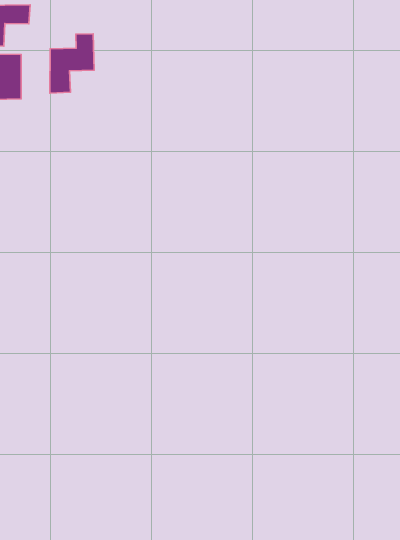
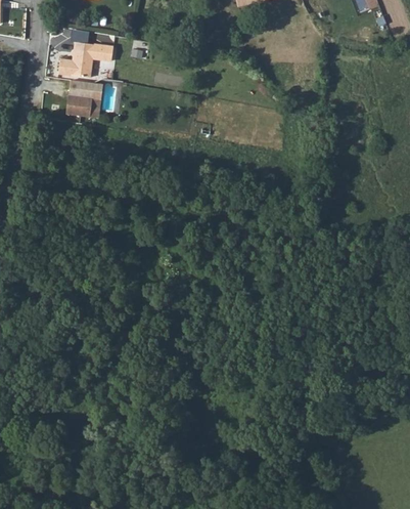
building: [50,34,94,93] -> none

